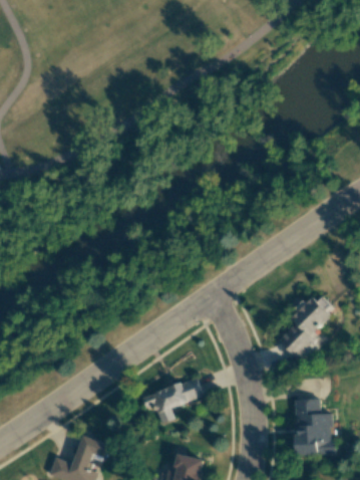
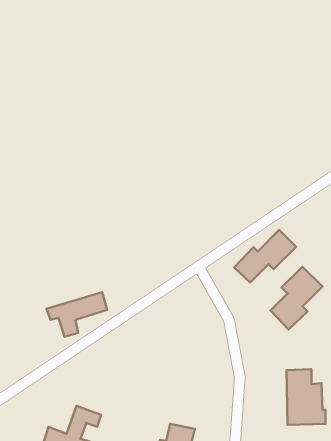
building: none -> [234,230,296,283]
building: [141,379,203,424] -> [46,292,107,337]

